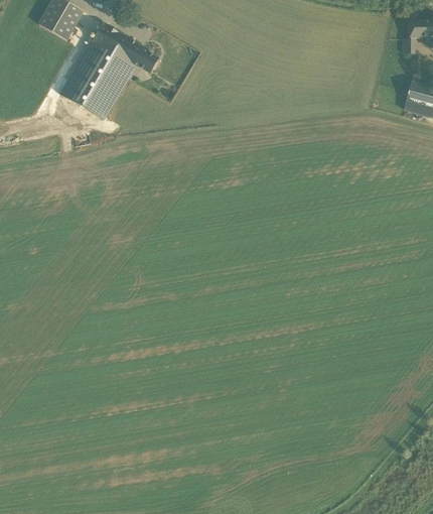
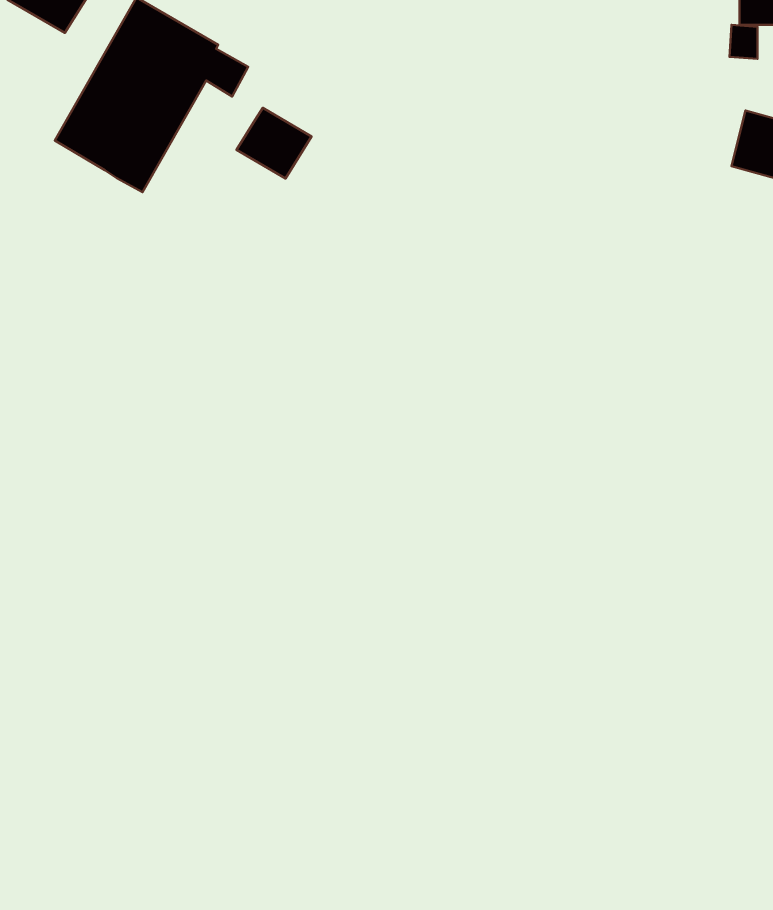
building: none -> [237,108,312,179]

